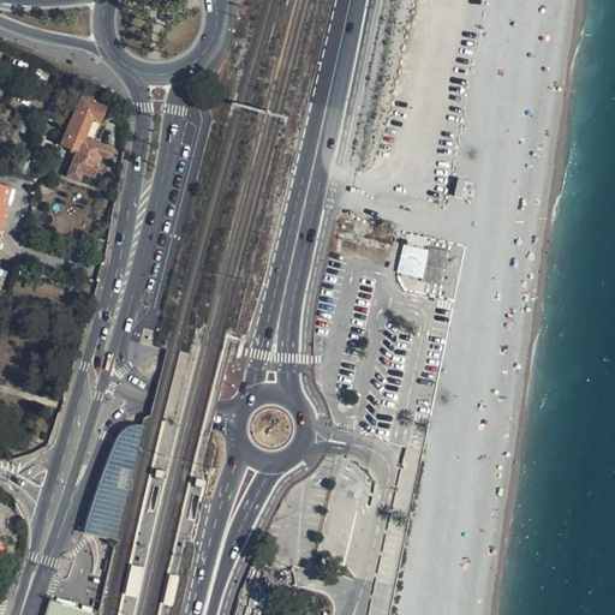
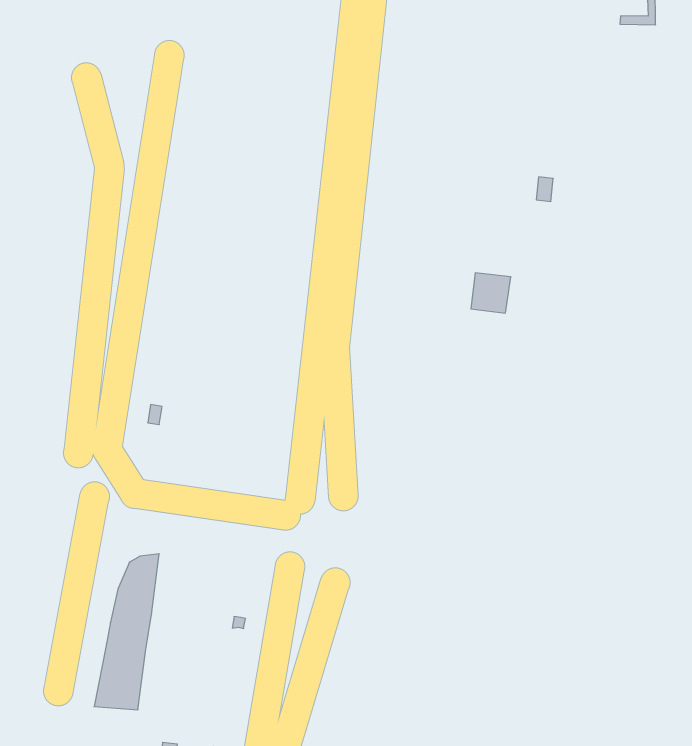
building: [61,97,111,181] -> none

